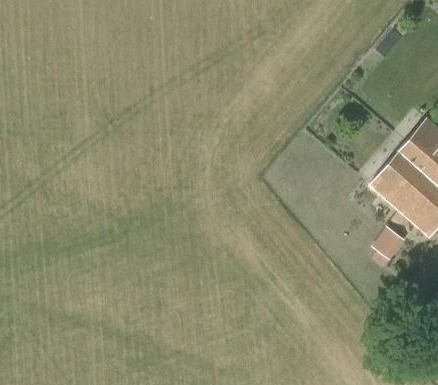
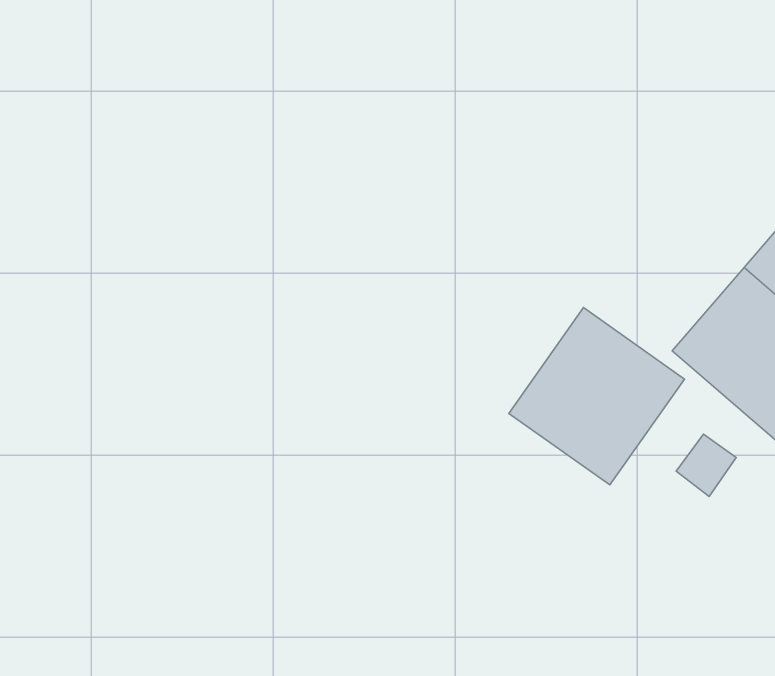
building: none -> [509,308,685,485]

